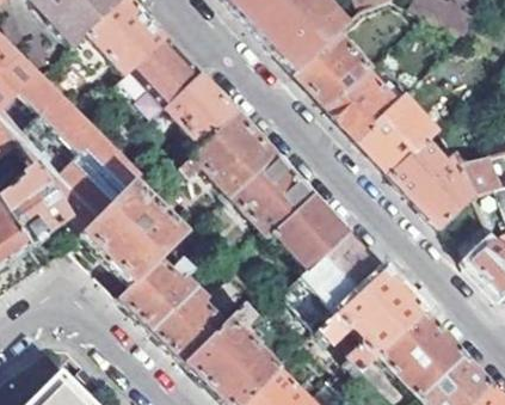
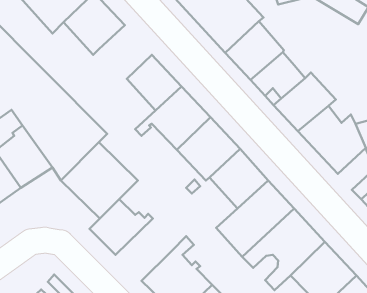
building: [133,35,201,104] -> none
building: [154,283,226,363] -> none

